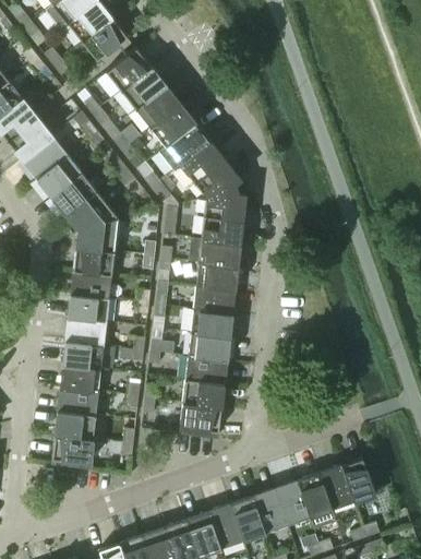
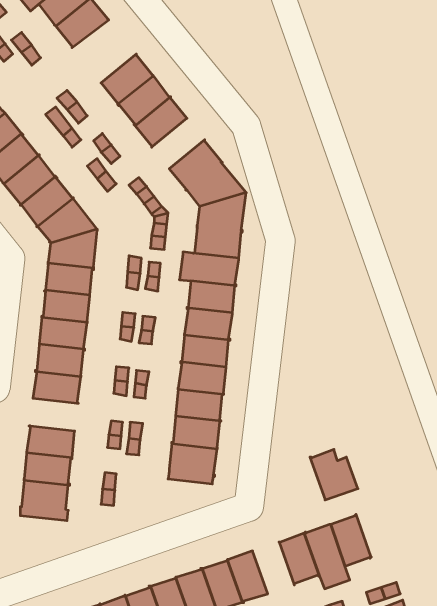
building: [106,48,152,92] -> none
building: [158,122,210,170] -> none
building: [59,365,101,393] -> none
building: [341,459,383,502] -> [310,449,358,500]
building: [252,489,288,534] -> none

